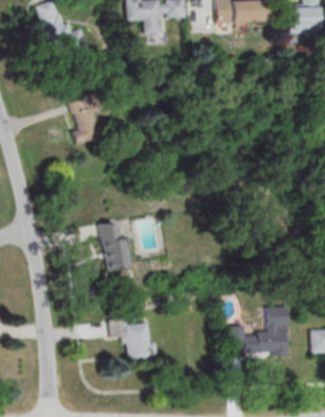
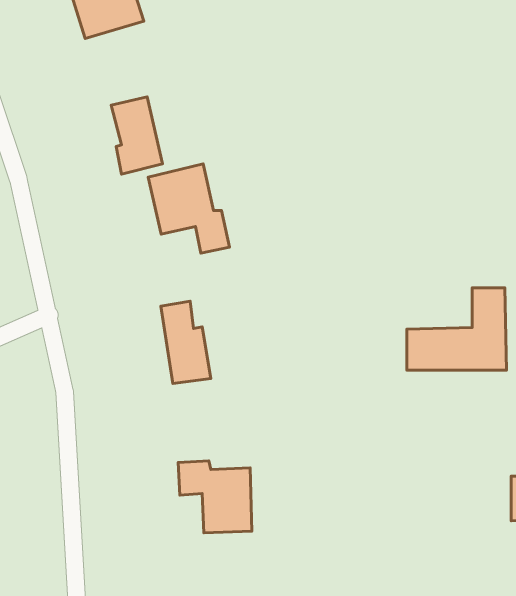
building: none -> [148,164,229,253]
building: [228,307,289,357] -> [407,288,506,370]

